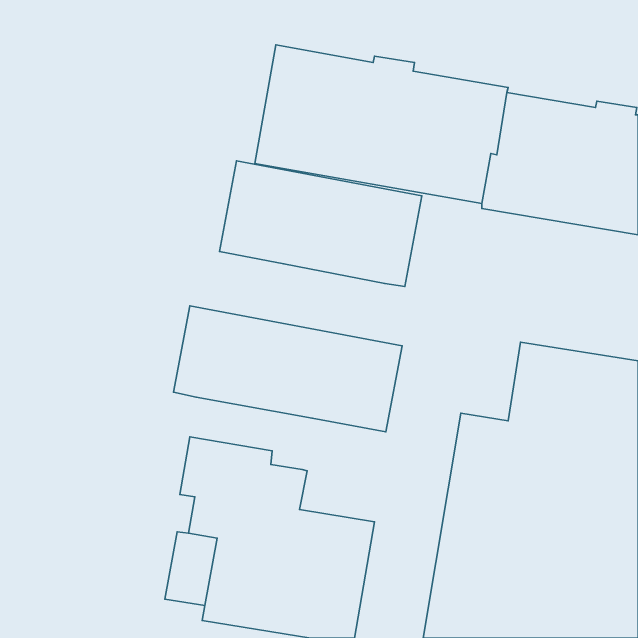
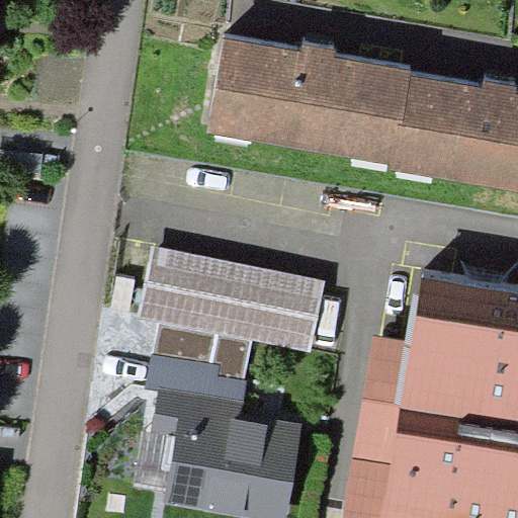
building: [219,161,422,286] -> none
building: none -> [154,322,253,380]

